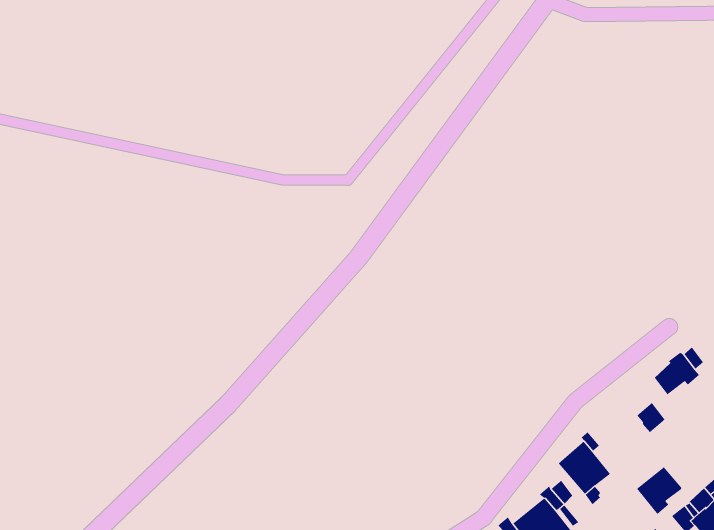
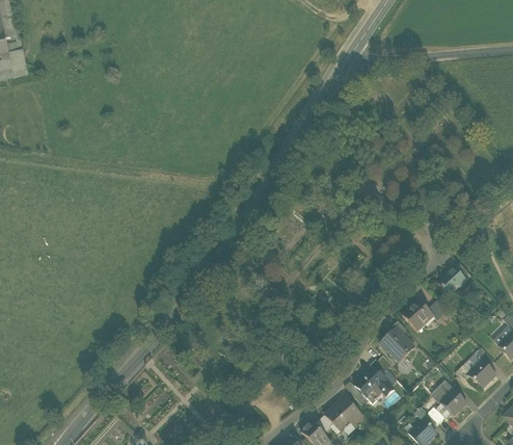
building: [636,467,682,515] -> [403,302,432,333]

